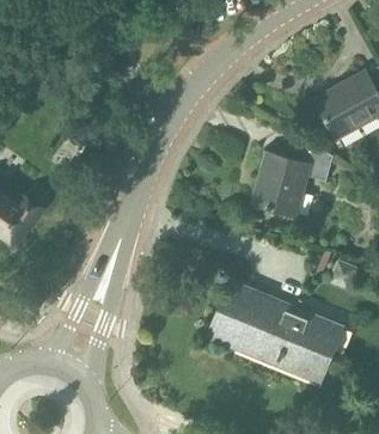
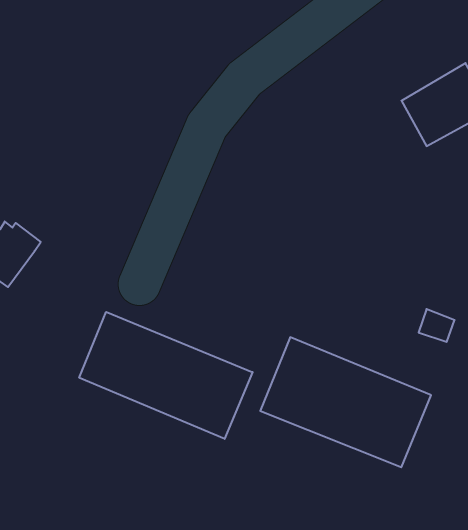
building: [253,135,334,214] -> none
building: none -> [79,312,253,439]

